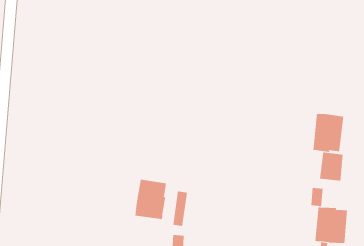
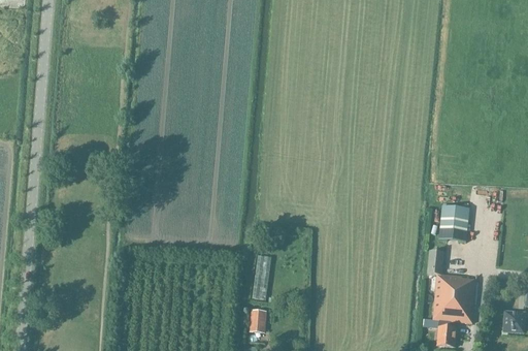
building: [313,113,344,153] -> none
building: [135,179,166,220] -> none

